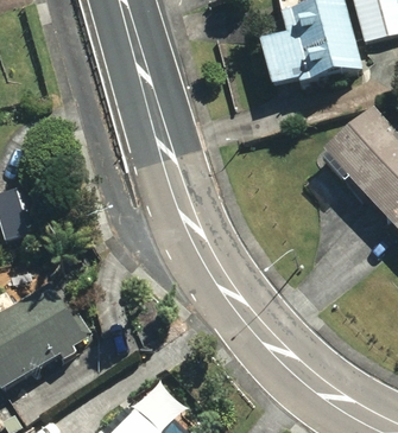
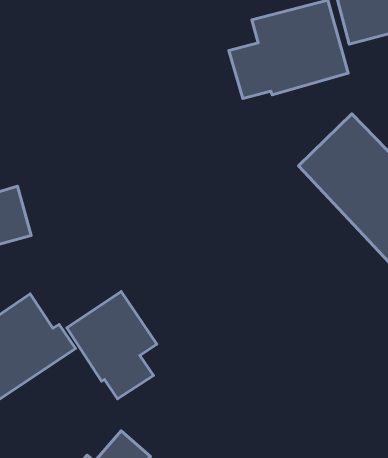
building: none -> [67,292,157,399]

